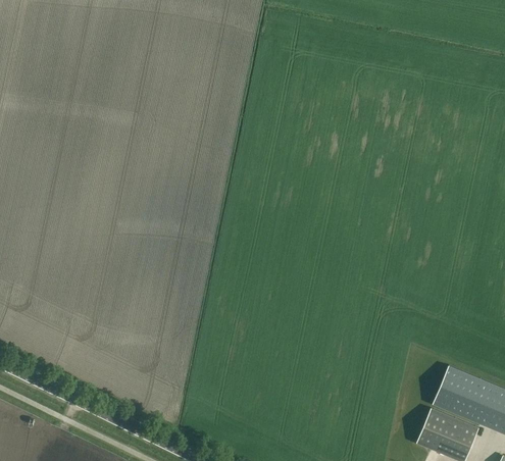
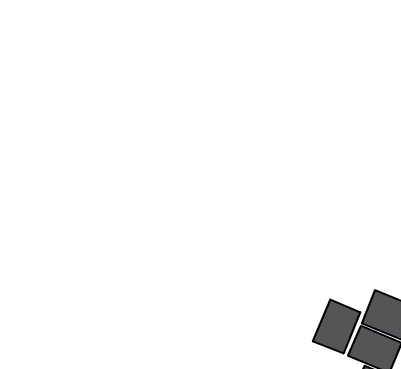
building: none -> [313,299,360,354]

